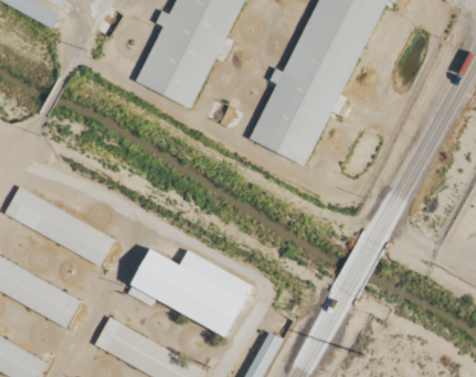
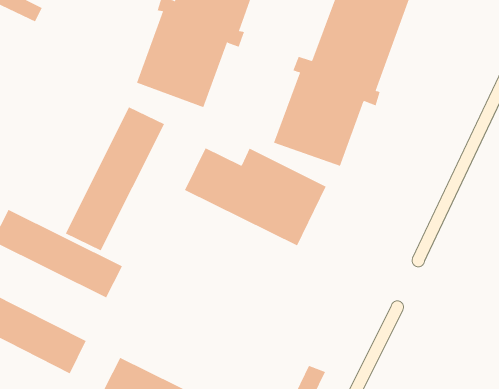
building: none -> [65,106,165,251]
building: [130,248,252,336] -> [184,148,327,246]

